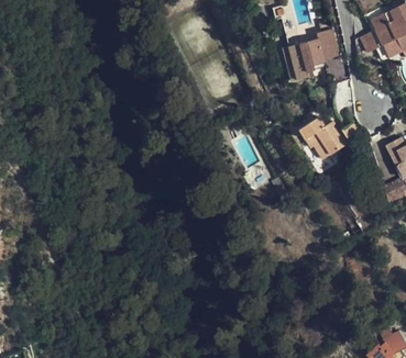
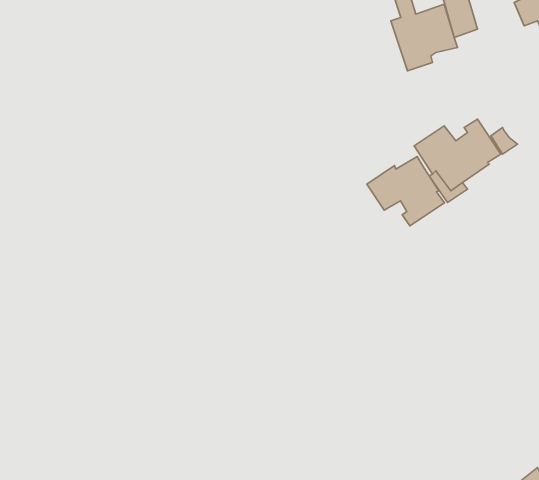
building: none -> [367,157,445,226]

